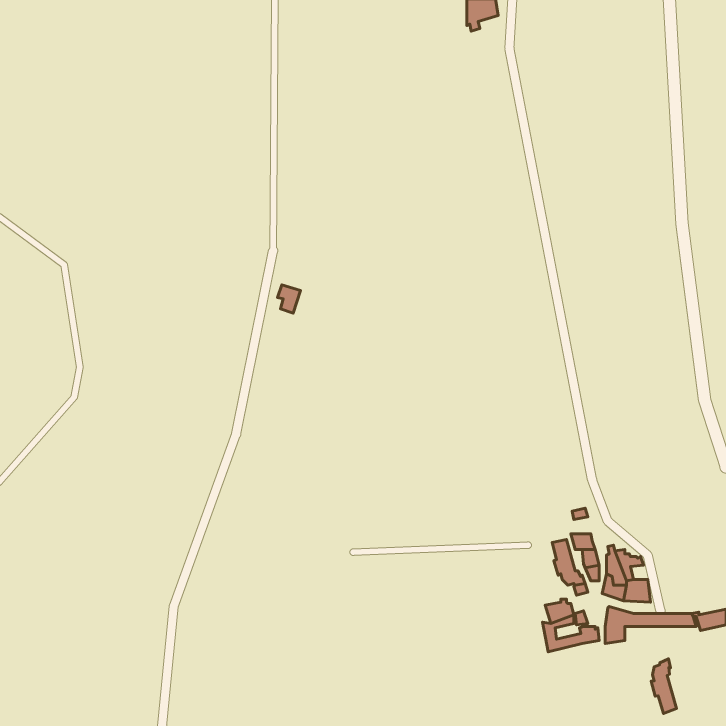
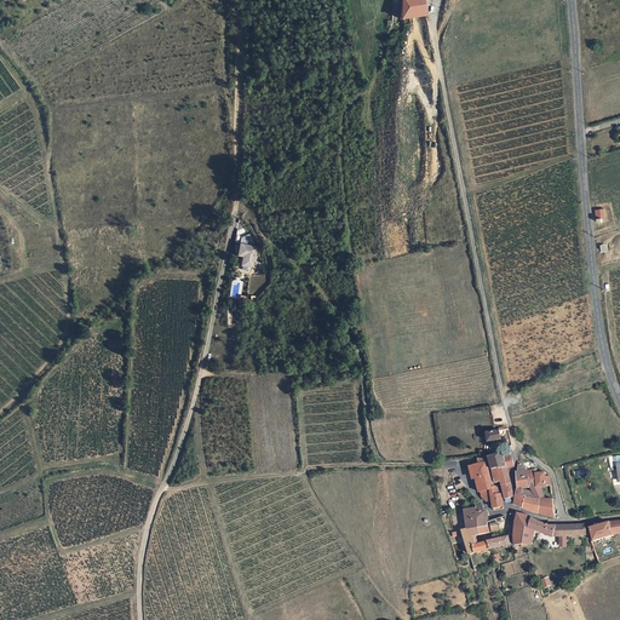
building: [651,659,676,714] -> none

